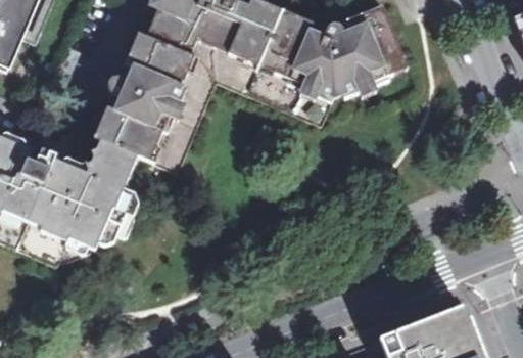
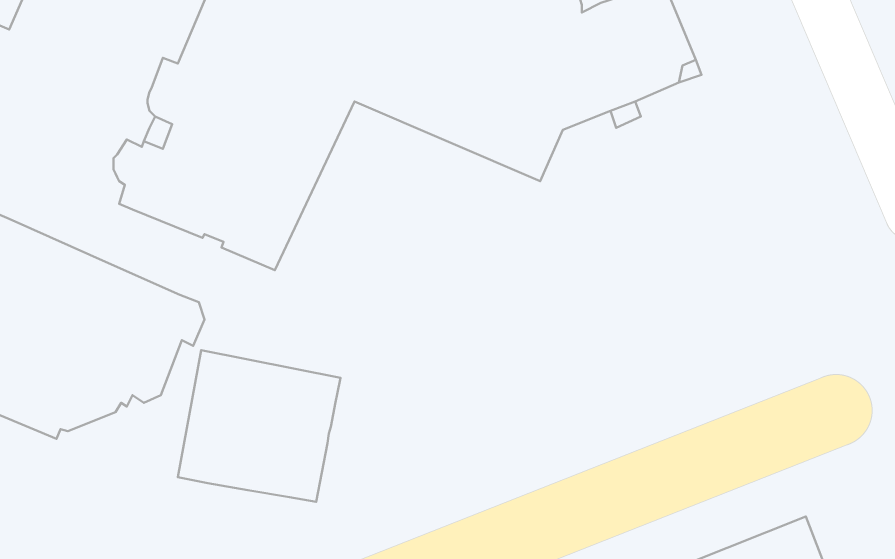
building: [89,139,138,185] -> none
building: none -> [178,350,341,502]

